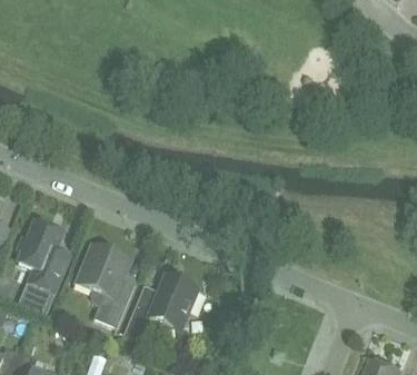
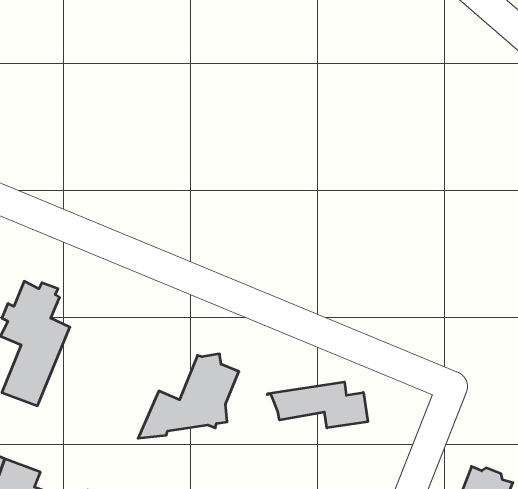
building: [81,243,136,325] -> none
building: none -> [267,382,368,428]

